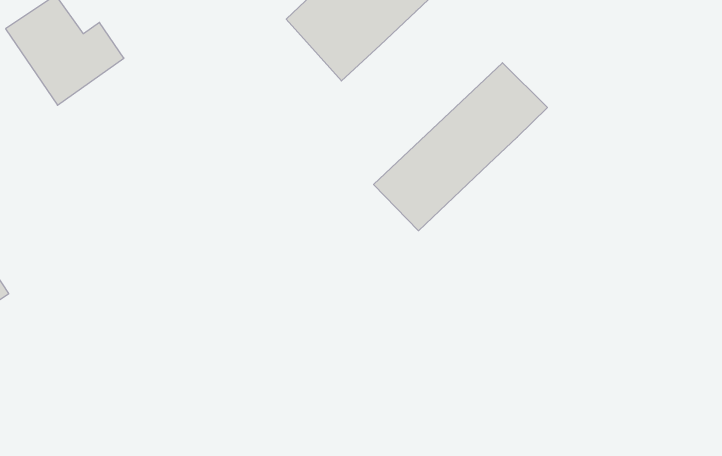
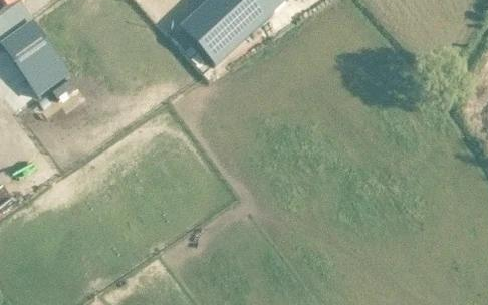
building: [374,63,547,231] -> none

